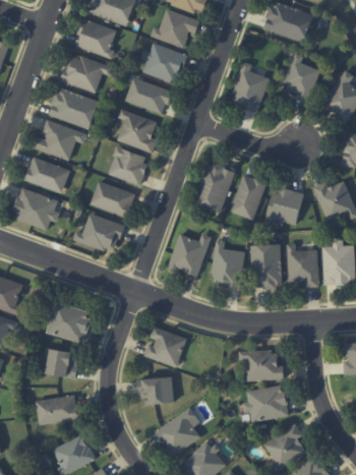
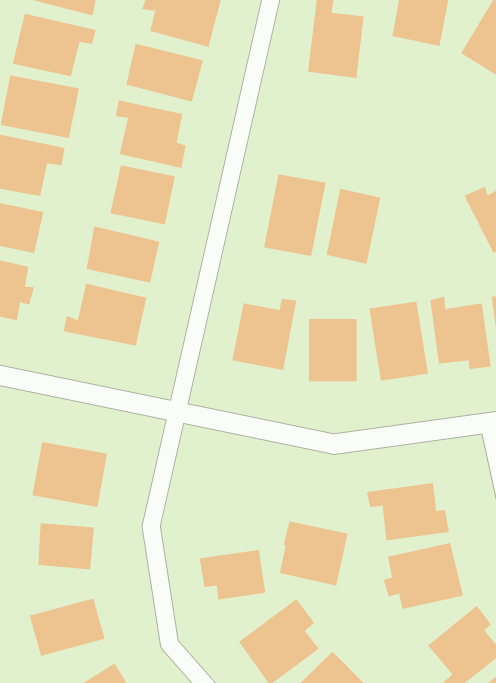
building: [265,185,304,226] -> none
building: [144,326,187,367] -> [279,521,349,586]

